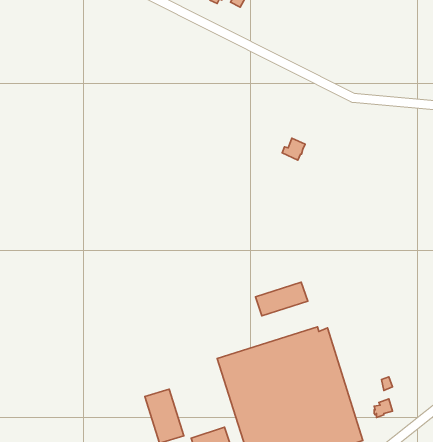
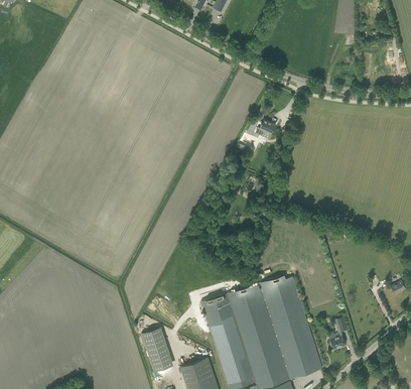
building: [255,282,308,316] -> none

